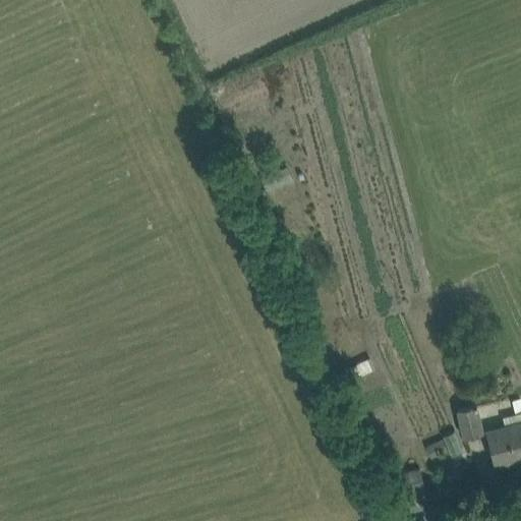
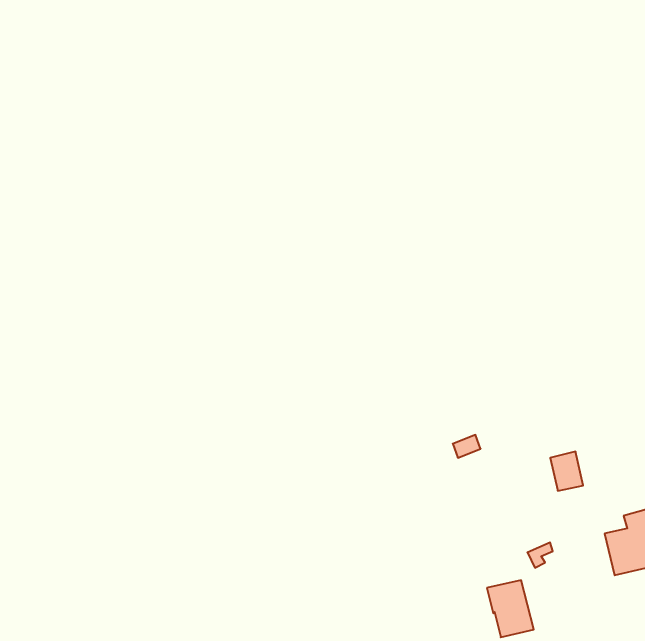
building: [458,408,484,440] -> [550,452,583,491]

